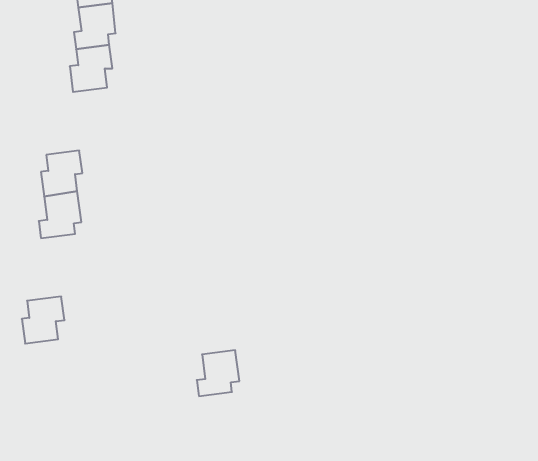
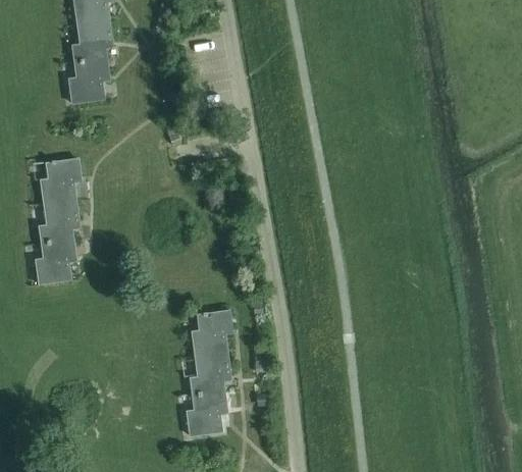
building: [22,297,65,344] -> [36,239,76,283]
building: none -> [192,310,231,354]
building: none -> [187,389,226,435]

